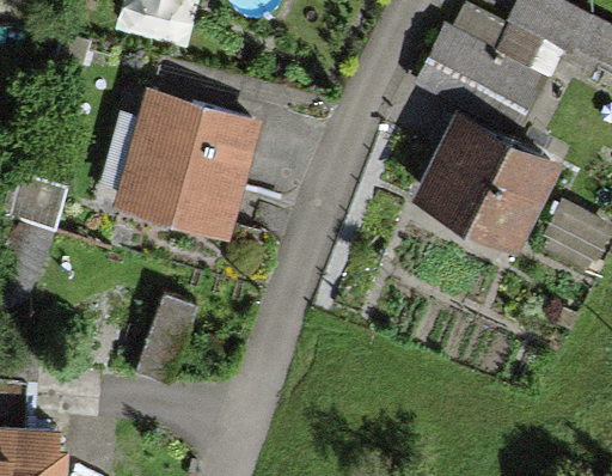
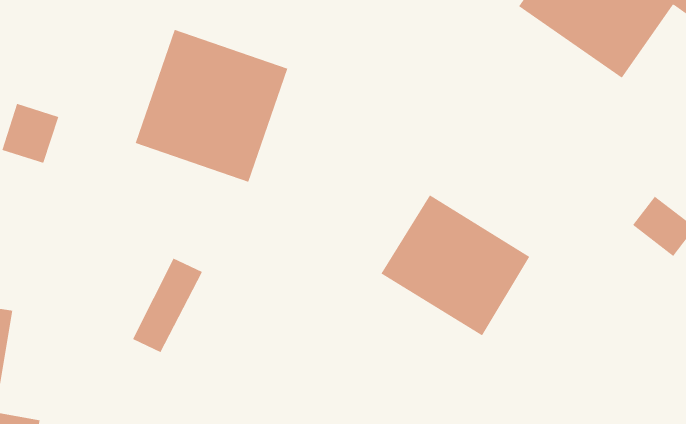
building: [424,126,550,242] -> [380,194,530,336]

